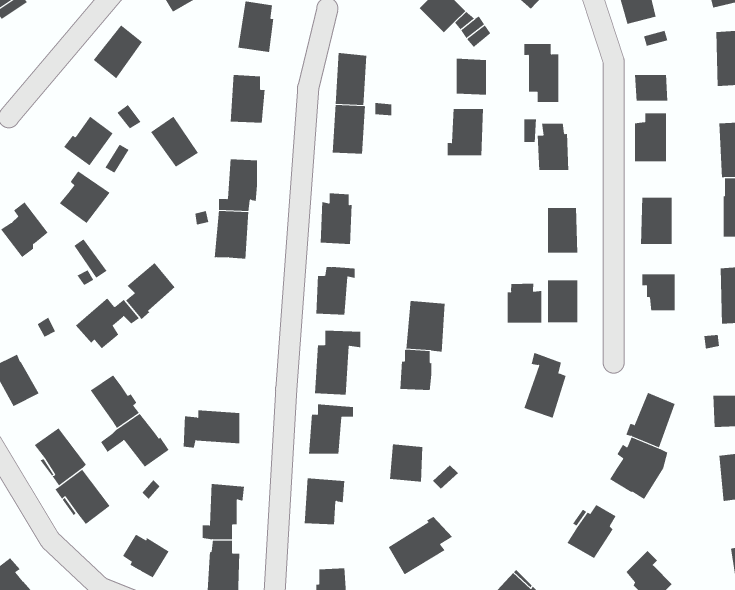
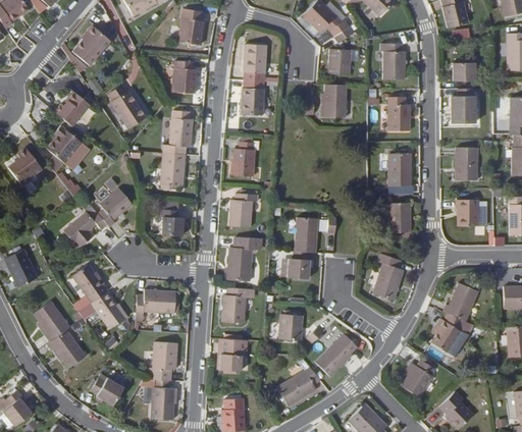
building: none -> [163,204,185,237]
building: [507,283,542,324] -> none
building: none -> [317,331,358,375]

